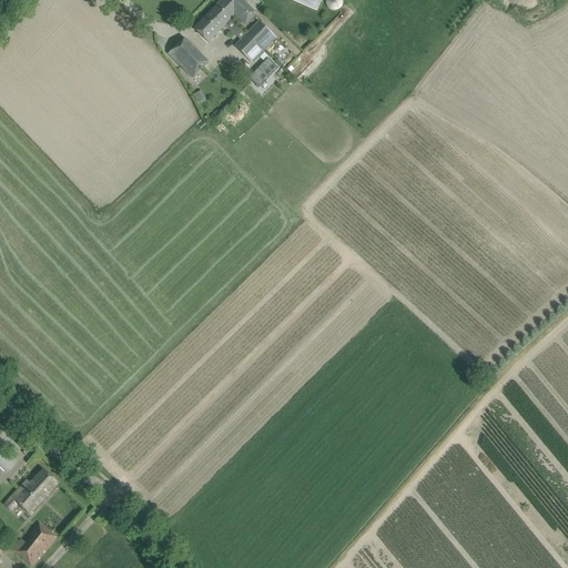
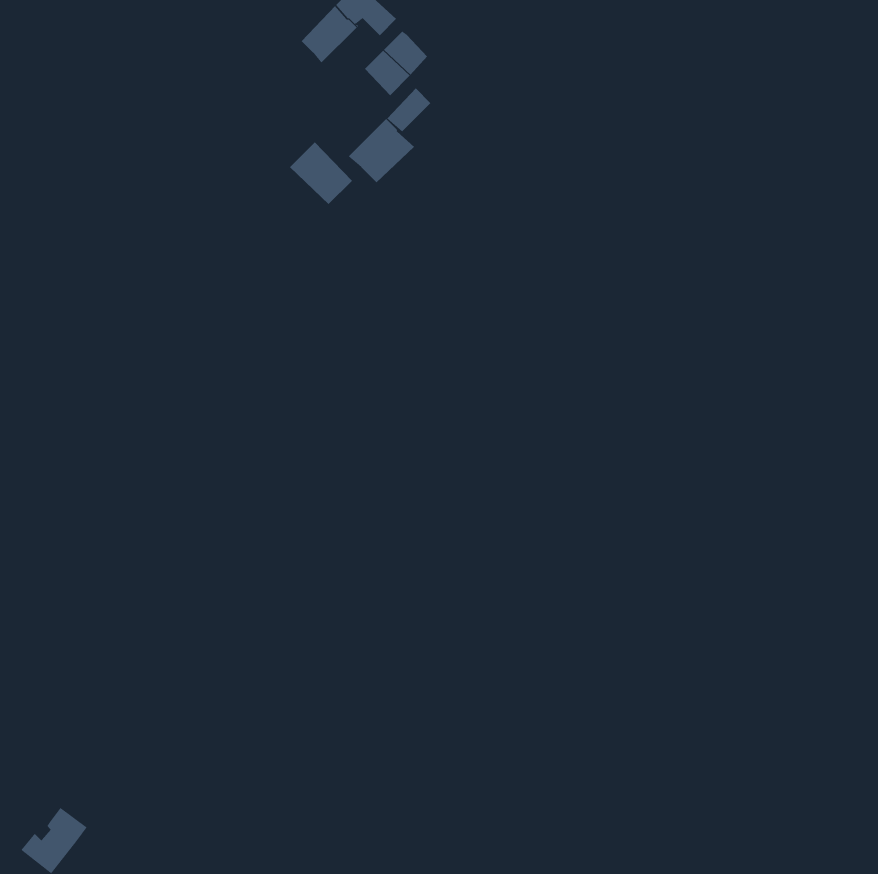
building: [168,36,209,77] -> [289,141,353,205]
building: none -> [348,118,415,183]
building: [7,467,58,511] -> none

